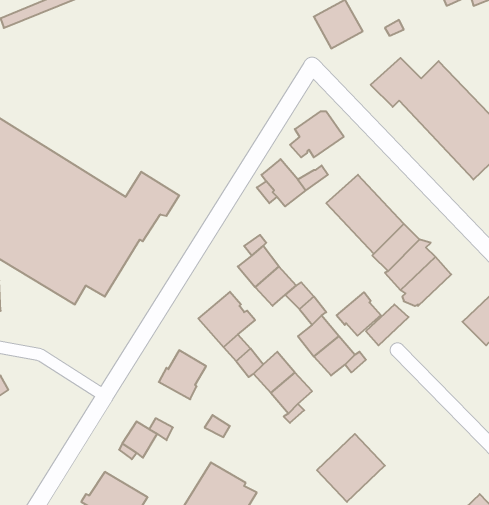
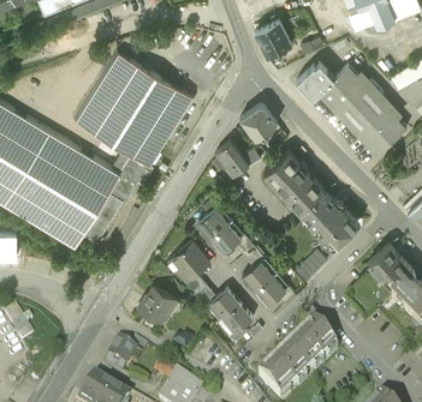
building: none -> [73,48,196,166]
building: [337,292,381,336] -> none
building: none -> [286,320,338,371]

